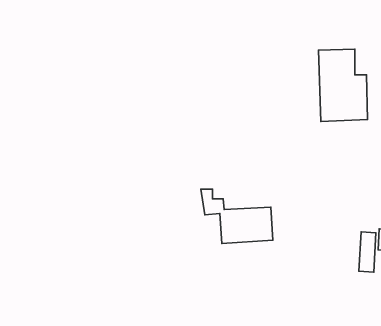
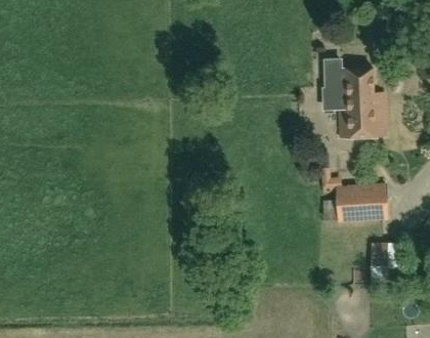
building: [201,189,273,243] -> [317,168,387,220]

